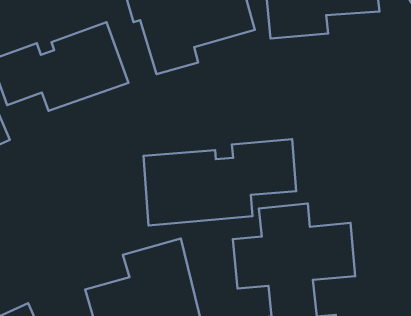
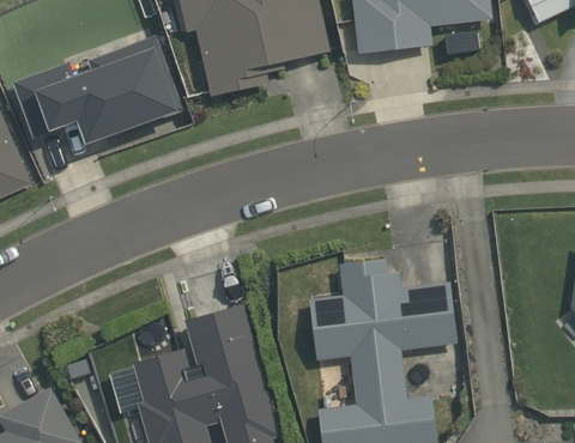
building: [143,139,296,225] -> none

